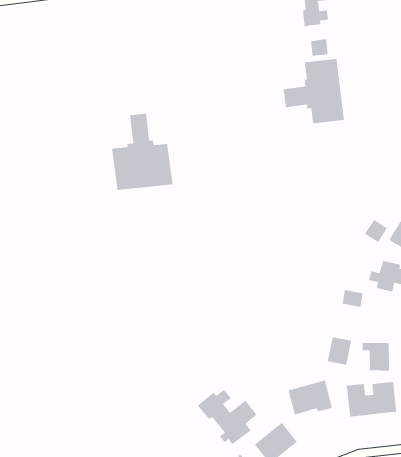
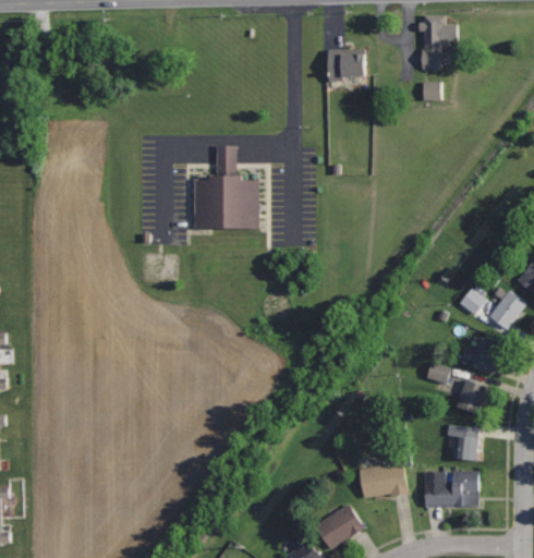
building: none -> [328,49,365,82]
building: [283,58,345,124] -> none
building: [327,337,352,365] -> [457,379,487,413]
building: [197,389,258,445] -> none

